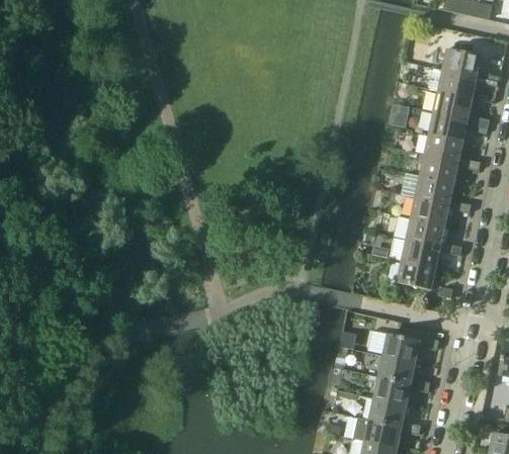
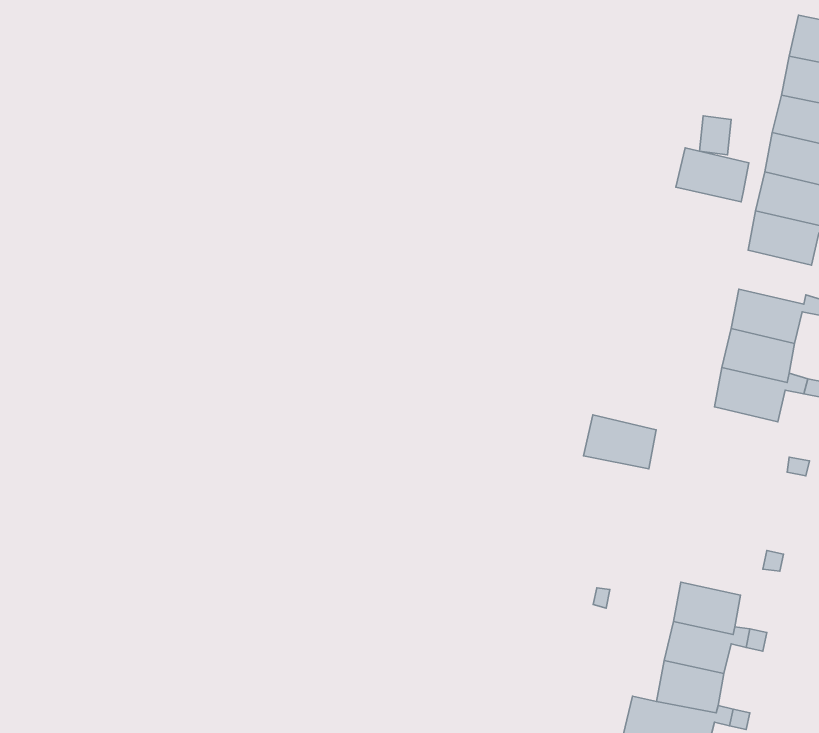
building: [413,177,452,206] -> [676,148,749,202]
building: [395,262,434,291] -> [584,415,656,469]
building: [381,335,419,364] -> none

